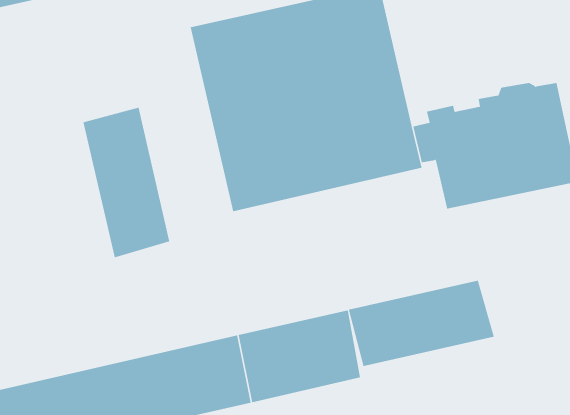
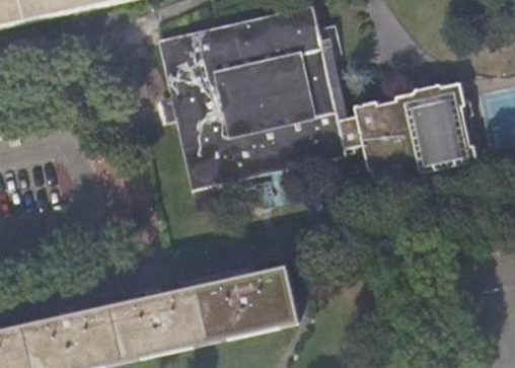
building: [83,107,170,258] -> none
building: [348,280,495,367] -> none

